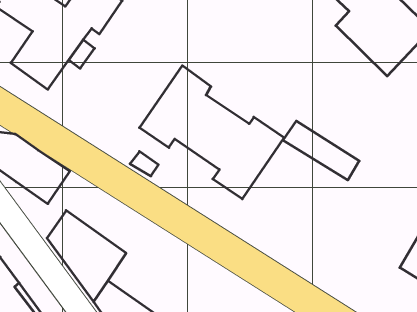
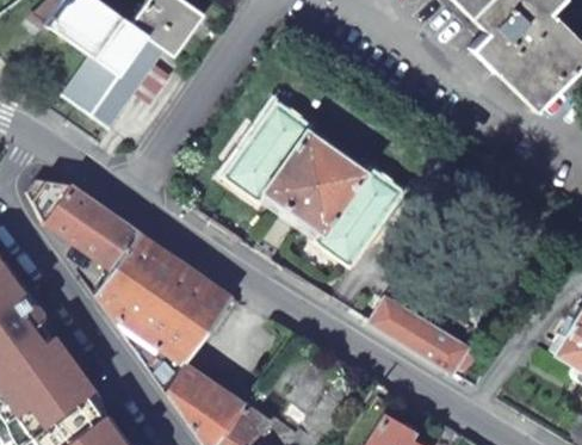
building: [283,121,359,180] -> [372,296,468,370]
building: none -> [95,230,234,333]

